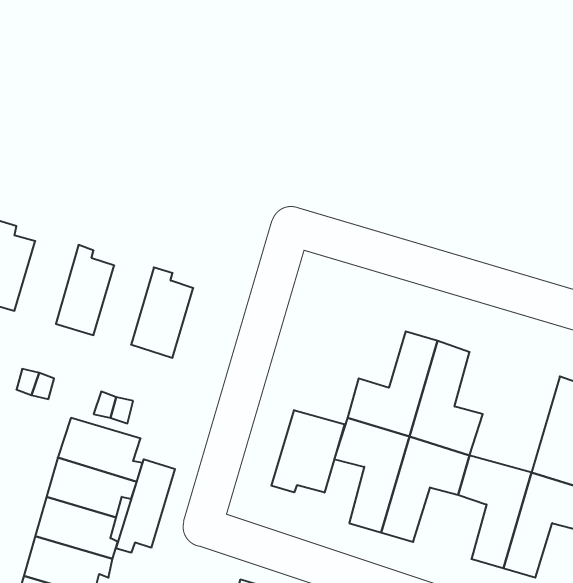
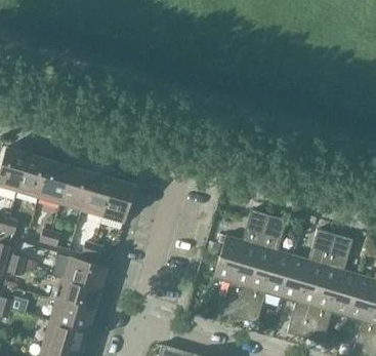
building: none -> [38,159,73,205]
building: none -> [81,171,114,216]
building: none -> [286,229,335,286]
building: [271,410,345,493] -> none
building: [116,459,175,553] -> none

